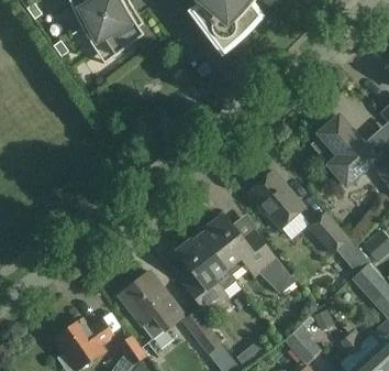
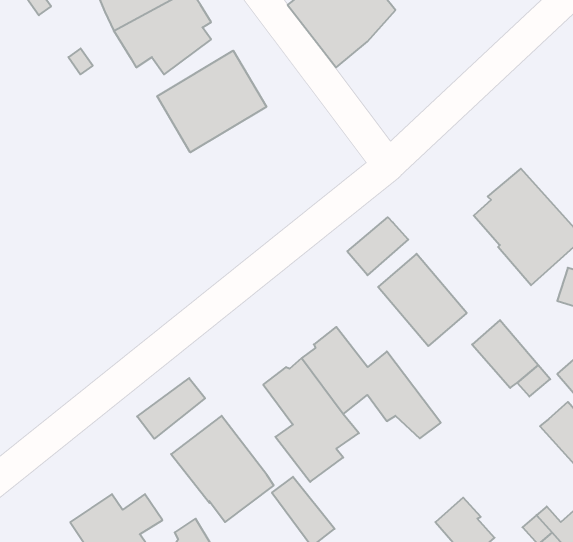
building: none -> [157,51,266,152]
building: none -> [347,217,408,275]
building: none -> [137,378,205,439]

